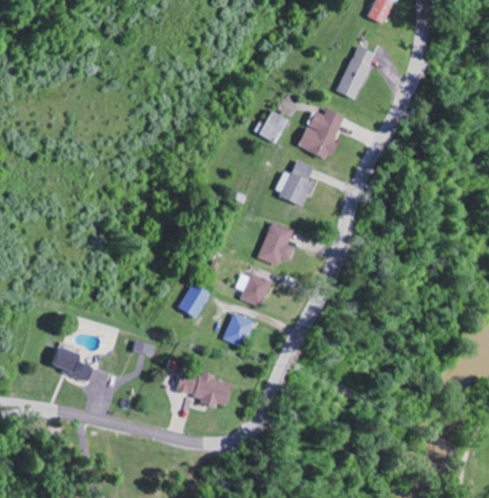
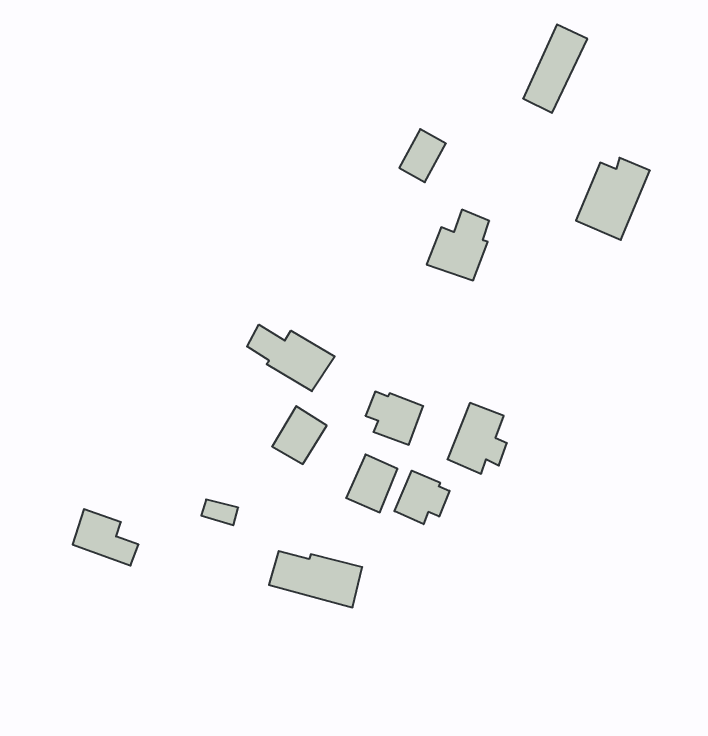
building: [298,108,344,159] -> [576,158,650,240]
building: [257,222,294,266] -> [447,403,507,474]
building: none -> [247,325,335,391]
building: none -> [394,471,450,524]

